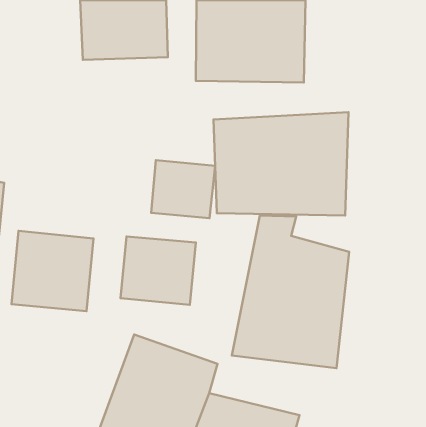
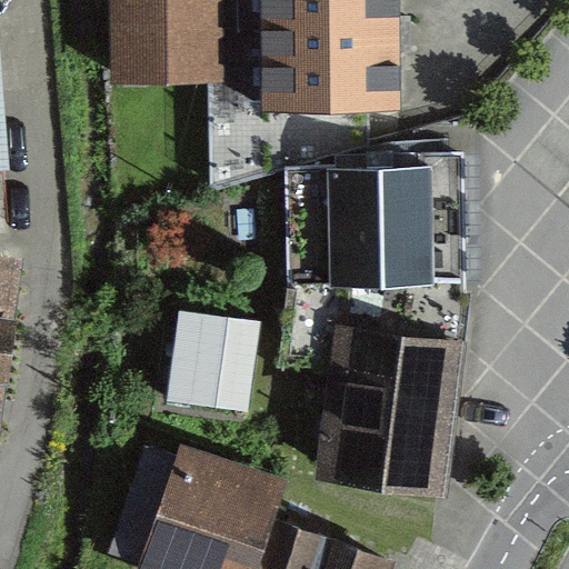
building: [151,160,215,218] -> none
building: [12,231,93,311] -> none

